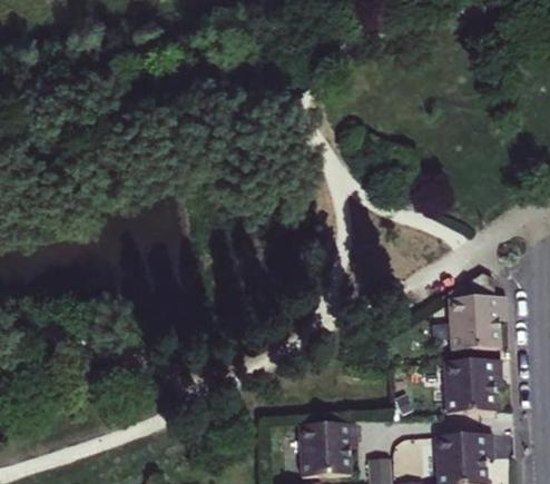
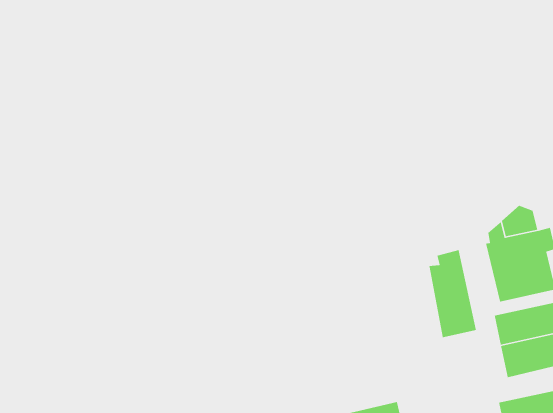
building: none -> [428,249,477,338]

